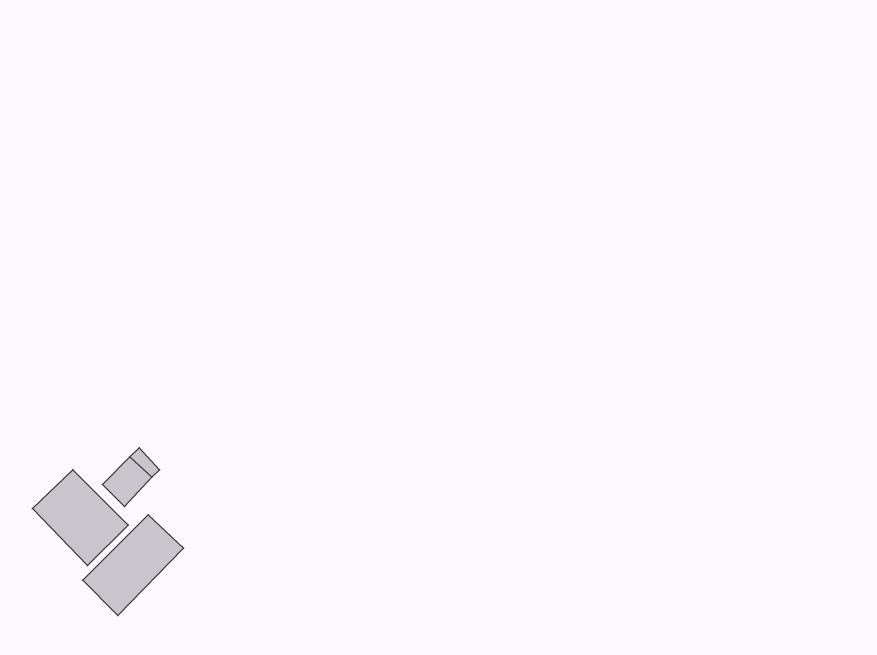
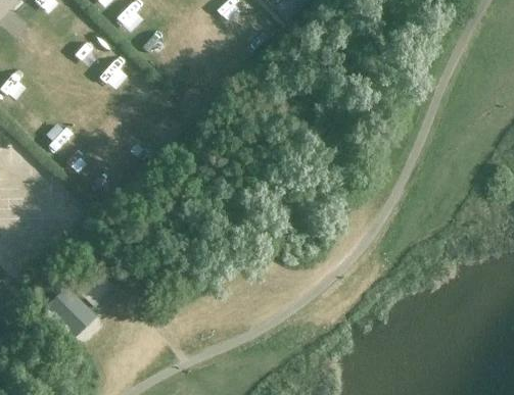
building: [83,515,184,615] -> none

